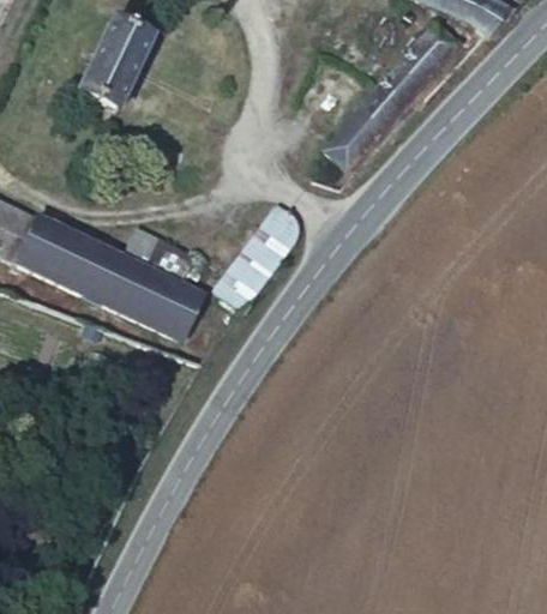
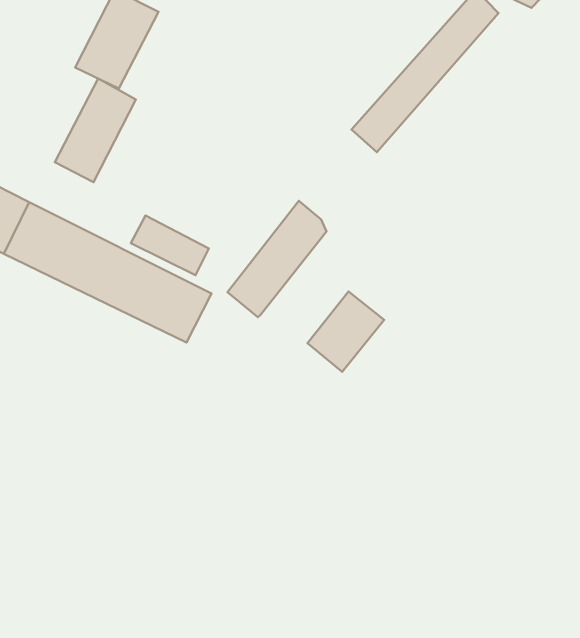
building: none -> [55,79,136,182]
building: none -> [307,291,384,372]

